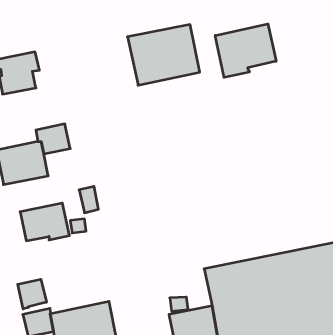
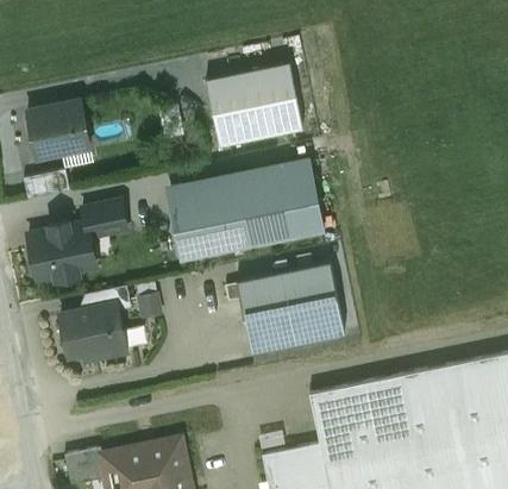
building: [215,24,276,77] -> none
building: none -> [168,158,324,259]
building: none -> [238,264,343,351]
building: [18,279,46,309] -> none

